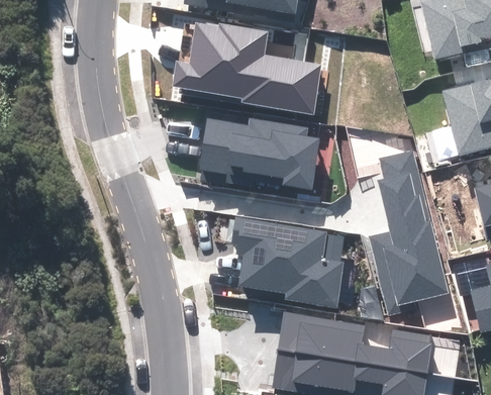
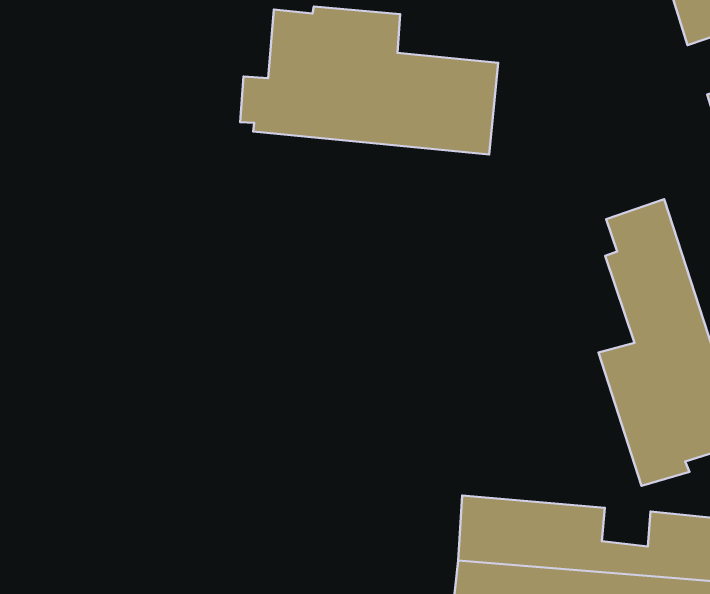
building: [200,117,320,190] -> none
building: [231,216,343,307] -> none

